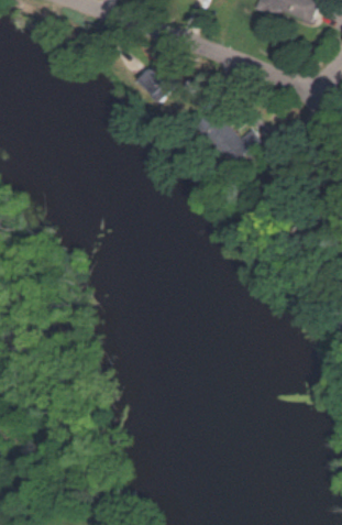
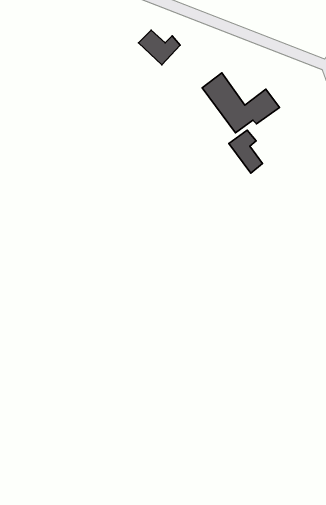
building: none -> [229,130,263,173]

